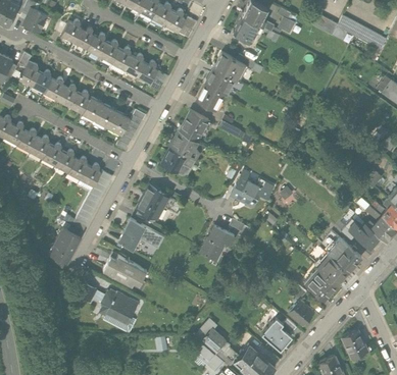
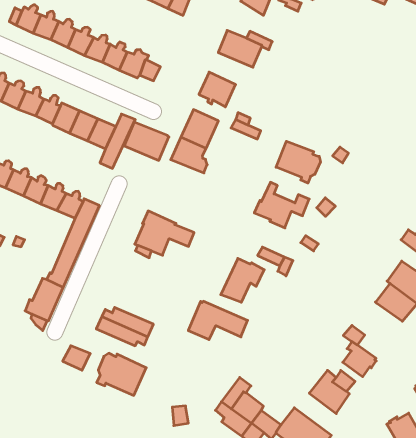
building: [205,68,241,95] -> none
building: none -> [276,141,320,183]
building: [161,147,196,177] -> [124,122,169,160]
building: [119,220,165,250] -> [188,301,248,340]
building: [305,269,337,299] -> none

